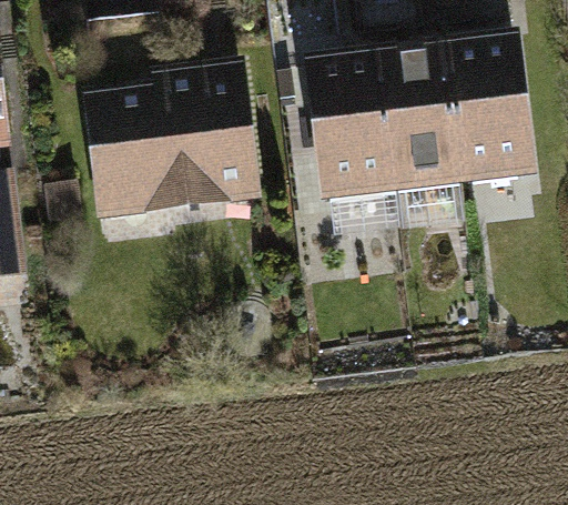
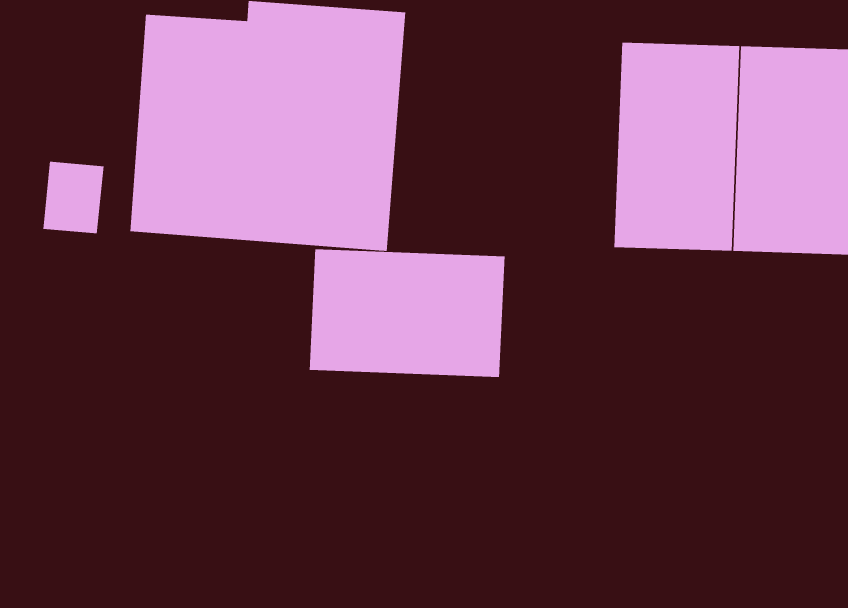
building: [308,87,394,218] -> none
building: none -> [309,249,505,378]

